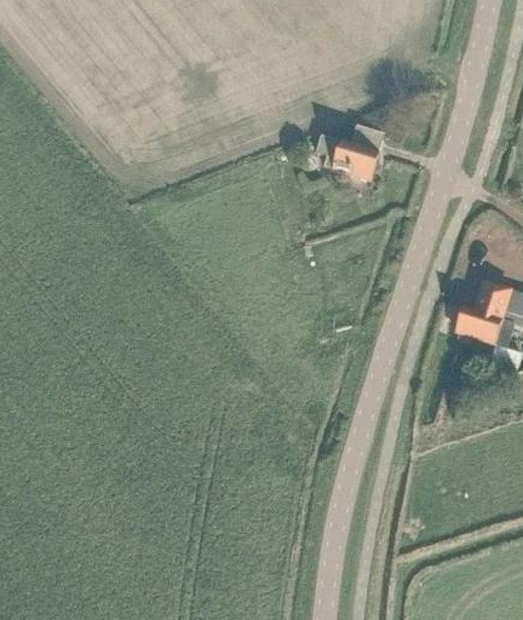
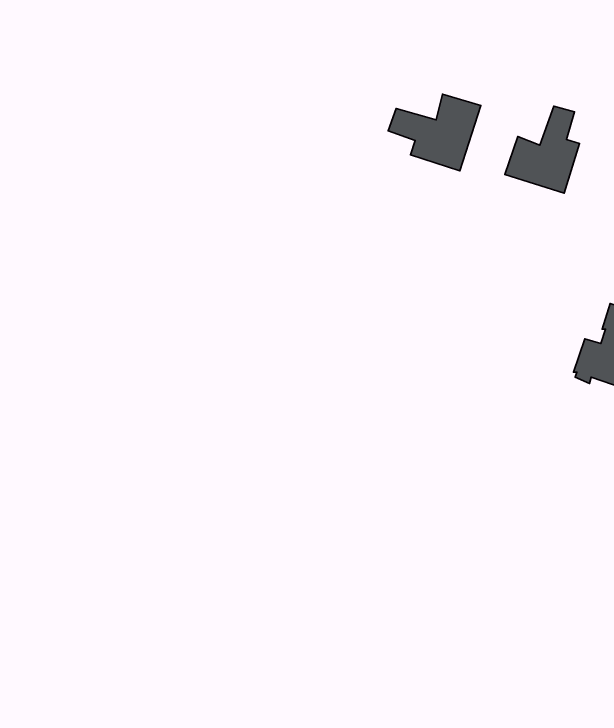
building: none -> [505,106,580,193]

